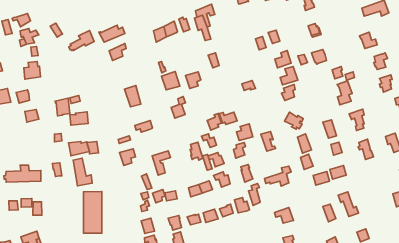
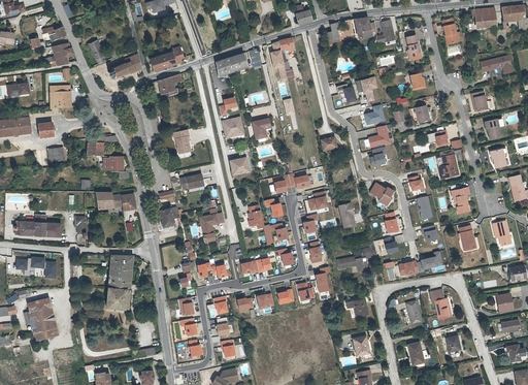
building: [73,158,92,186] -> none

